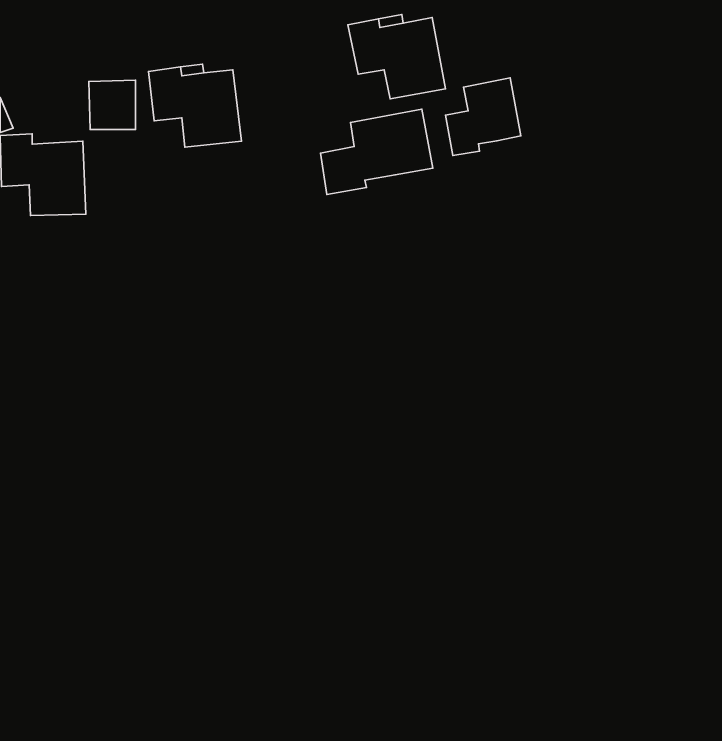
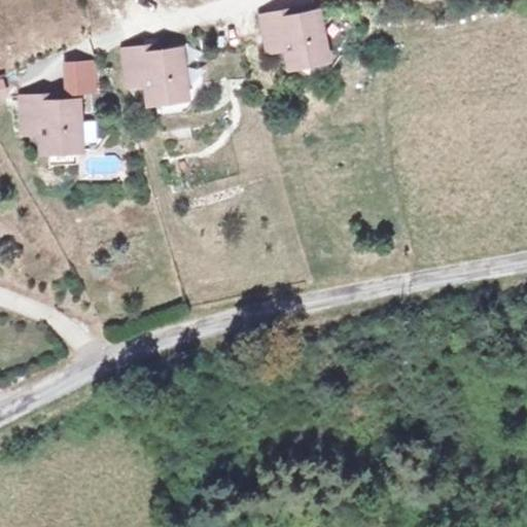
building: [445,78,521,155] -> none
building: [321,109,433,195] -> none

